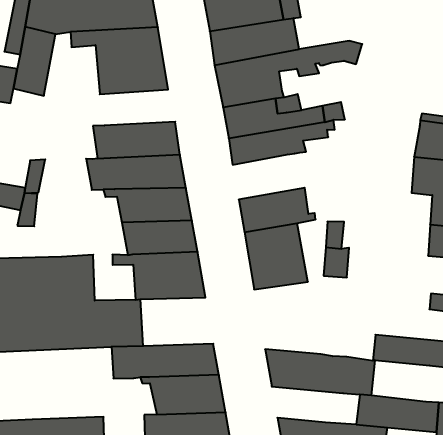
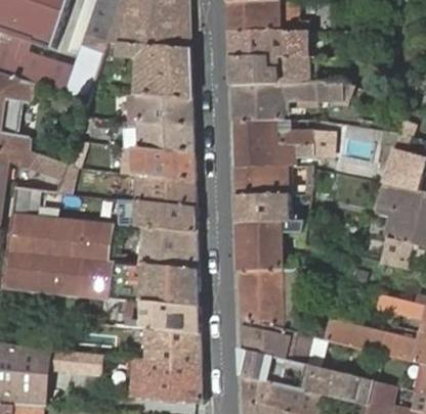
building: none -> [127,95,194,126]
building: none -> [235,165,290,195]
building: none -> [238,269,293,331]
building: none -> [142,264,199,308]
building: none -> [241,349,285,383]

